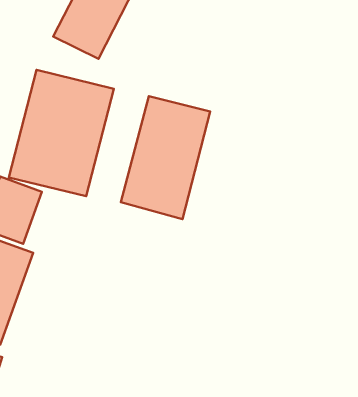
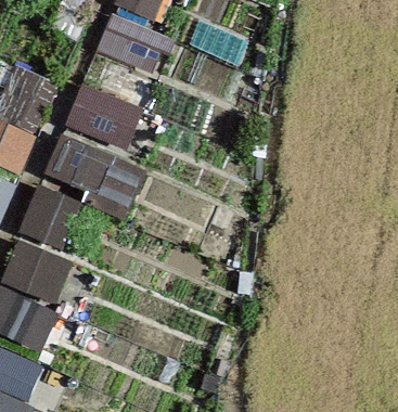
building: [121,96,210,219] -> none

